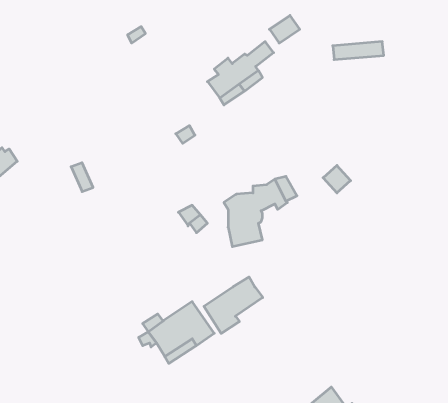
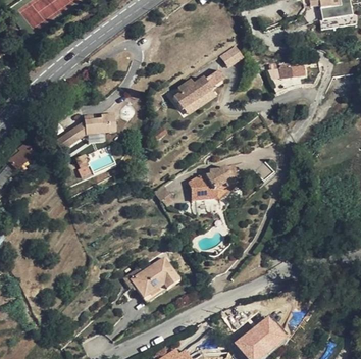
building: none -> [55,113,115,150]
building: [204,277,263,333] -> none

